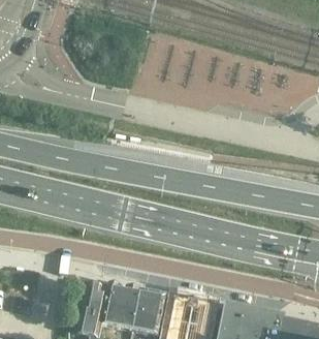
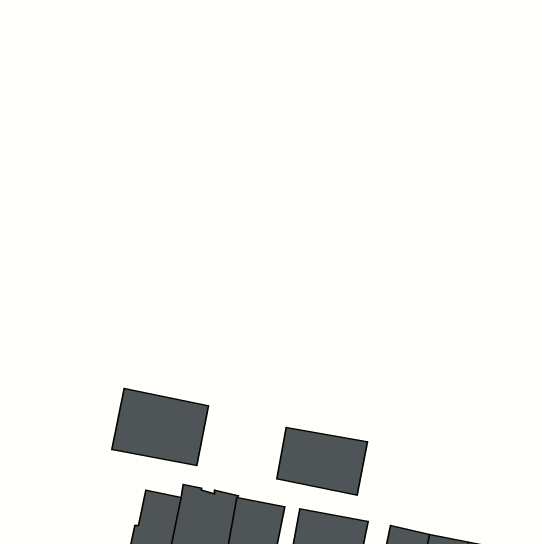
building: none -> [112,389,208,466]
building: none -> [277,427,367,495]

